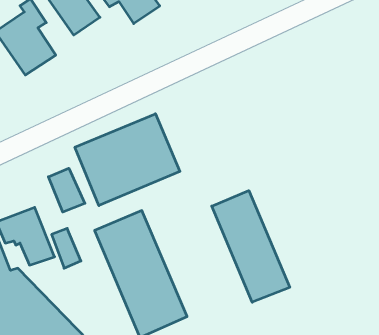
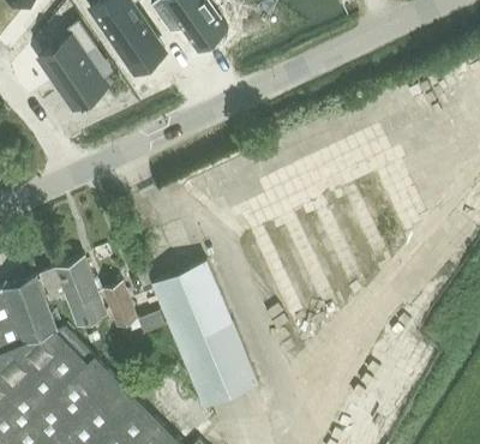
building: [75,114,180,206] -> none
building: [48,168,85,212] -> none
building: [212,191,290,302] -> none

